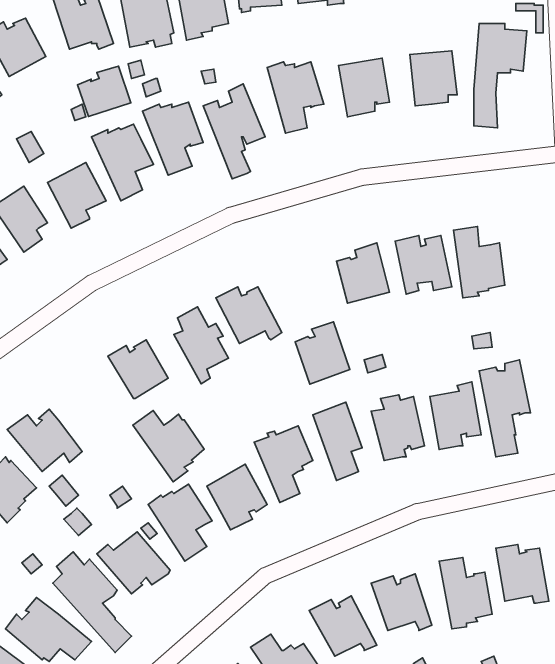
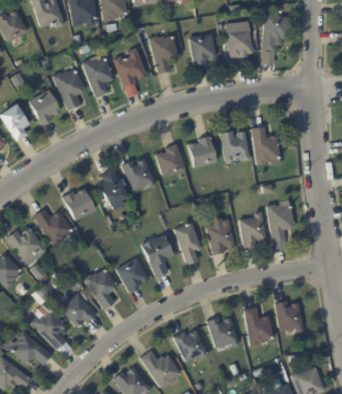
building: [77,66,131,117] -> none
building: [295,322,350,384] -> [154,144,185,178]
building: [133,411,204,482] -> [33,208,72,247]

